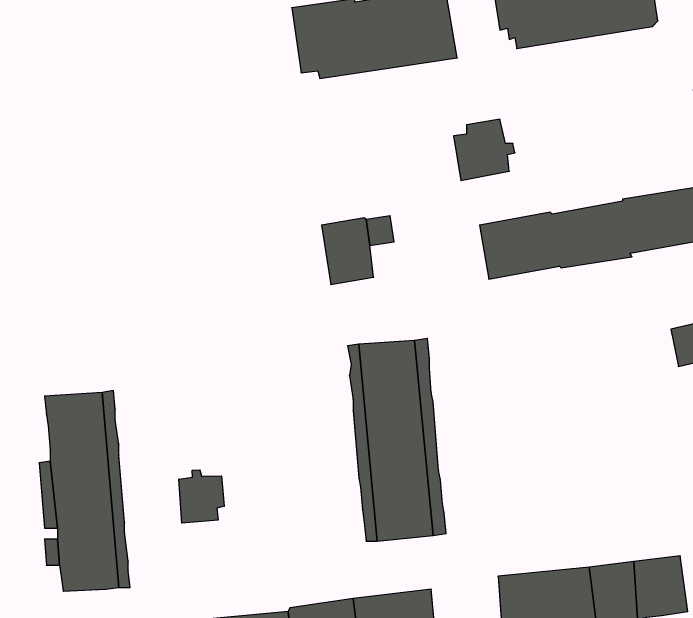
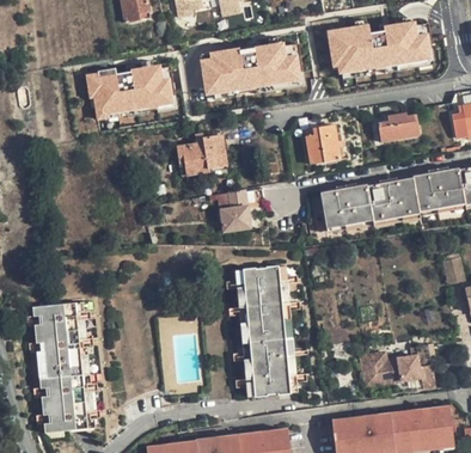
building: none -> [86,65,178,118]
building: none -> [378,112,420,141]
building: none -> [177,133,228,175]
building: none -> [359,343,434,387]
building: [179,470,224,523] -> none

